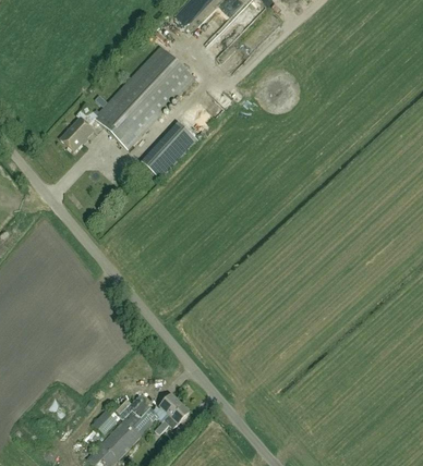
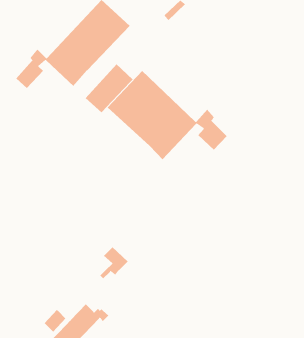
building: none -> [107,70,227,160]
building: [156,393,190,431] -> [100,246,129,279]

